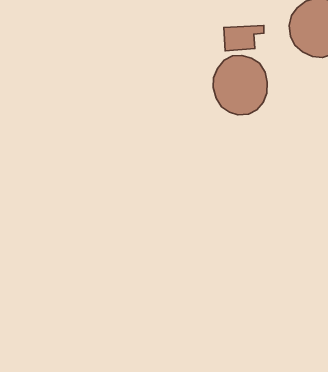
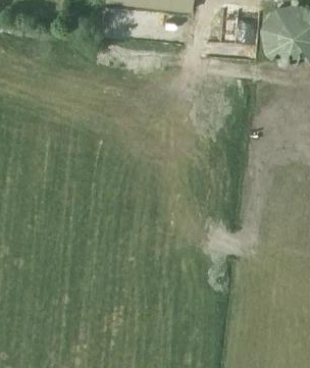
building: [213,55,267,115] -> none

